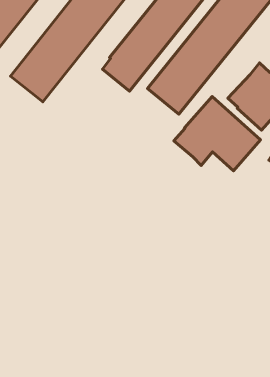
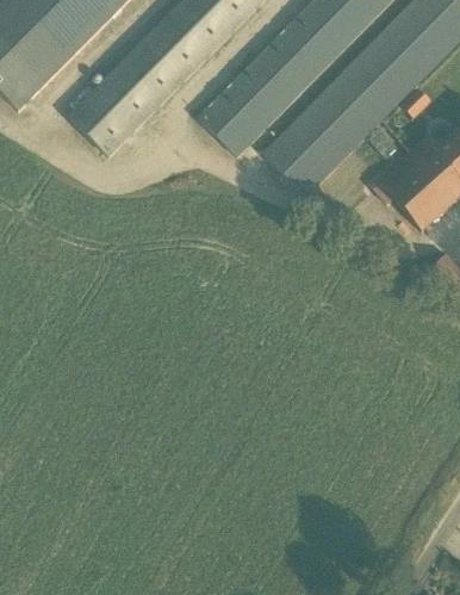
building: [174,97,260,171] -> none

